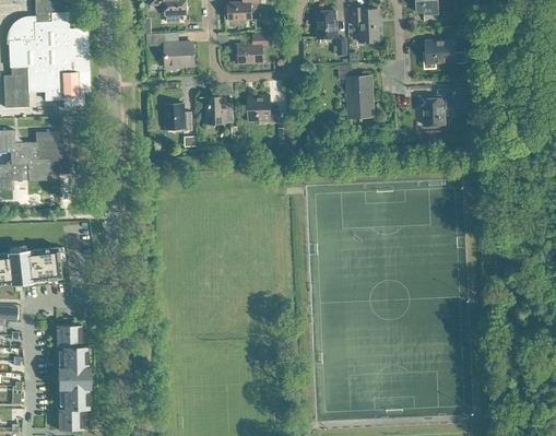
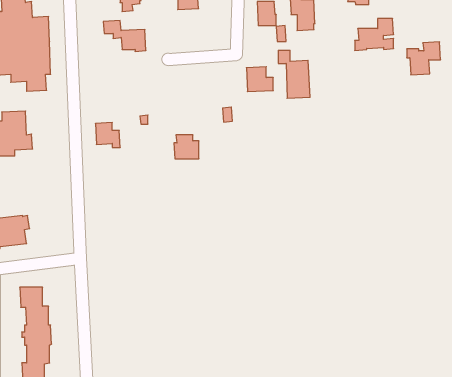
building: [236,35,268,63] -> none
building: [418,90,456,126] -> [407,42,441,75]
building: [247,95,276,122] -> [246,67,273,92]
building: [204,97,232,123] -> [174,135,199,159]
building: [164,104,191,131] -> [95,123,120,147]

